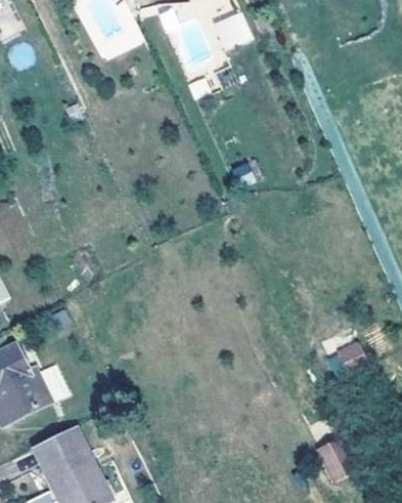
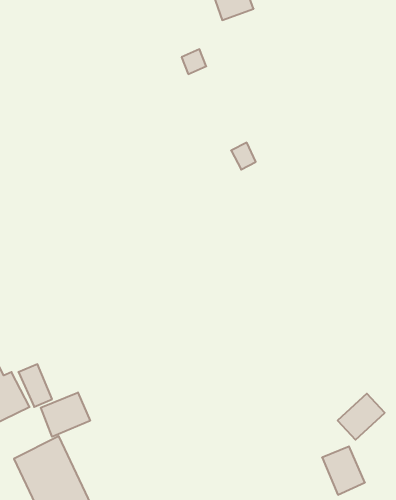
building: [326,337,369,379] -> [338,394,385,440]
building: none -> [41,392,90,437]

